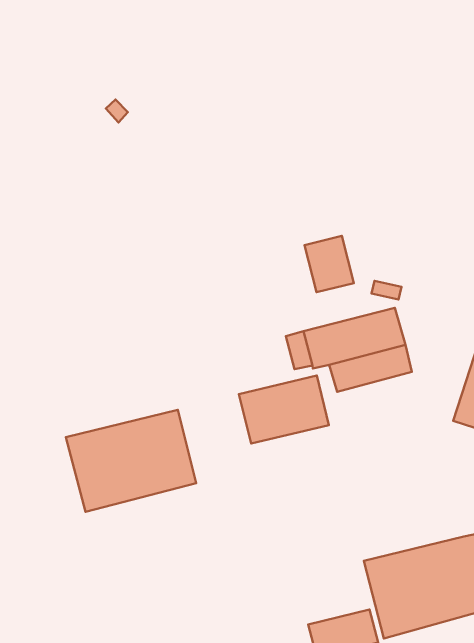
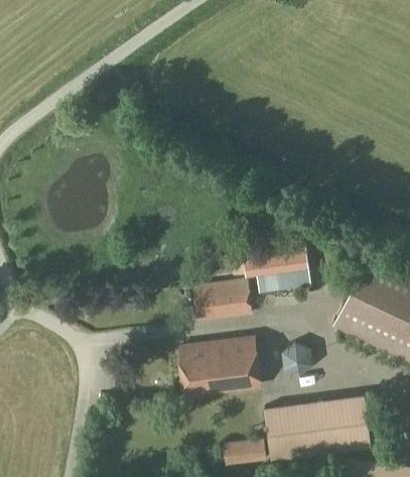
building: [304,236,354,292] -> none
building: [66,410,196,512] -> [180,338,262,397]
building: none -> [283,343,314,376]

